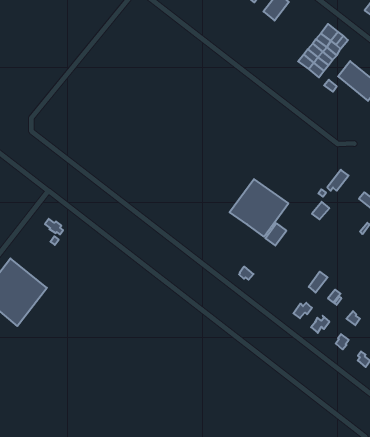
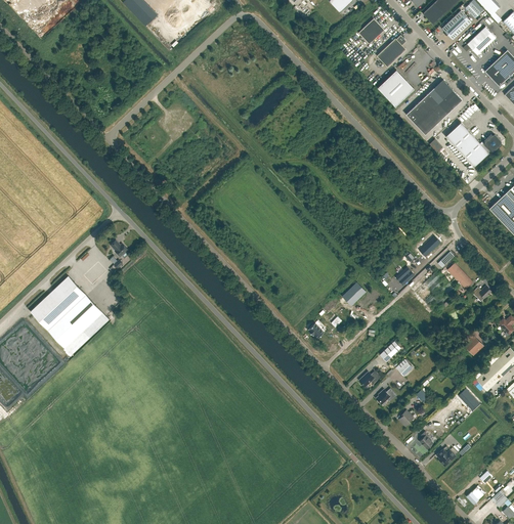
building: none -> [377,70,414,106]
building: [230,179,288,237] -> none

